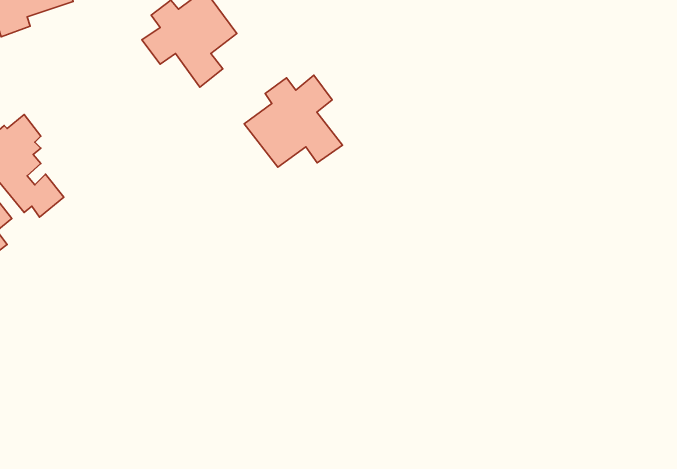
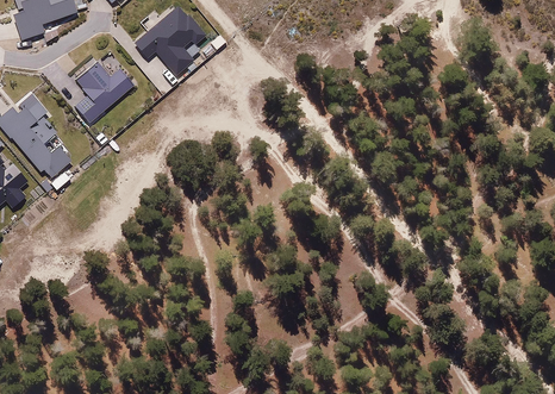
building: none -> [74,63,135,124]
building: [244,75,342,167] -> none

